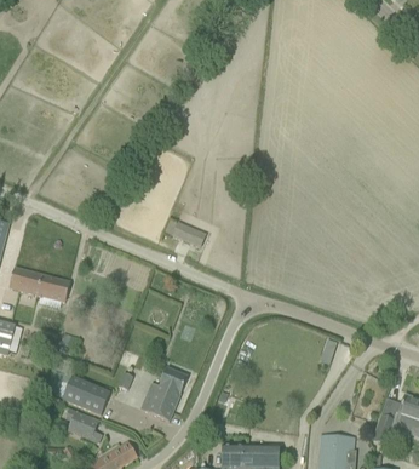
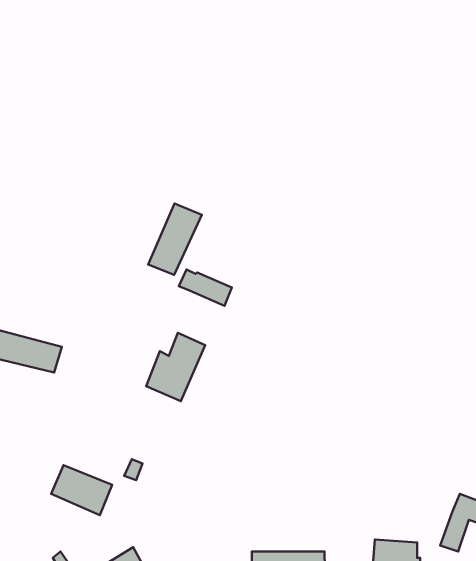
building: none -> [148,204,202,275]
building: [142,367,189,422] -> [146,333,205,401]
building: [65,408,103,444] -> none

